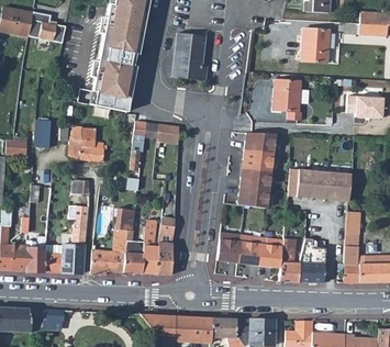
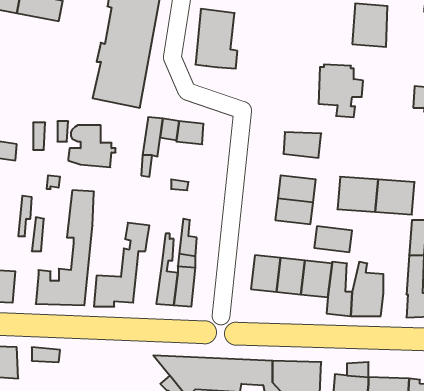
building: [242,150,272,171] -> [314,226,352,252]
building: [24,232,45,272] -> none
building: [122,240,145,272] -> none

